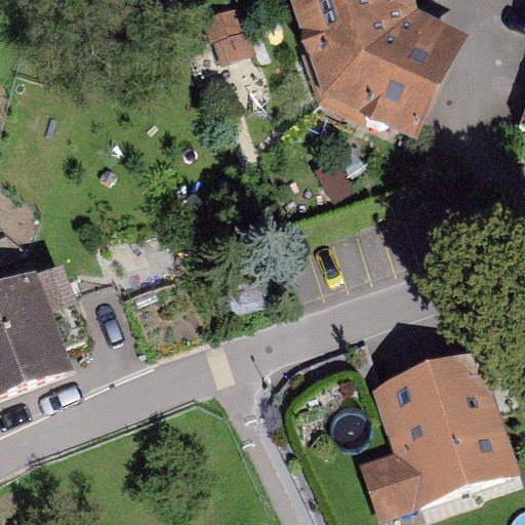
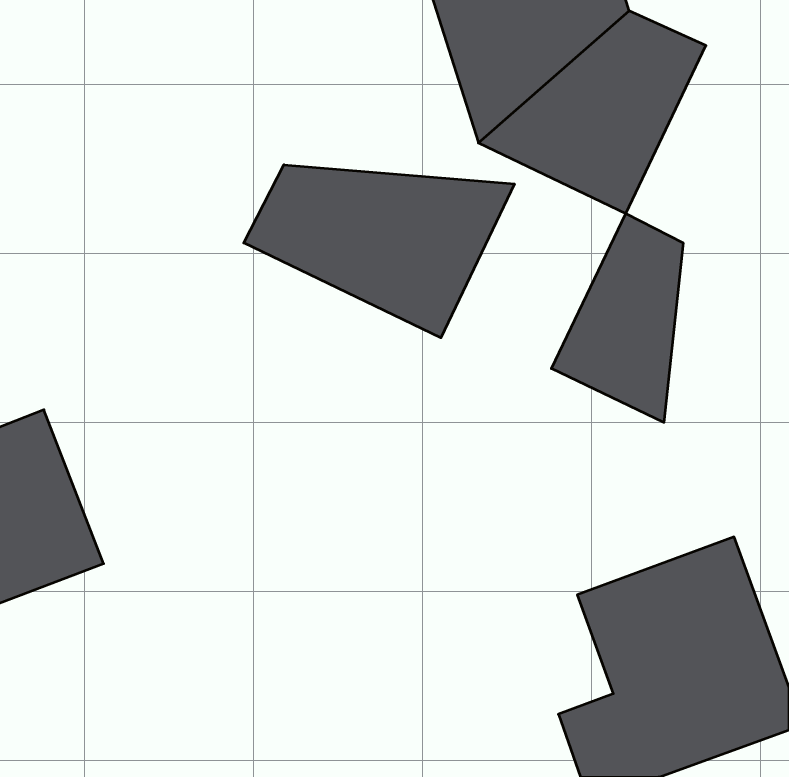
building: none -> [244,165,514,338]
building: none -> [551,213,683,422]

